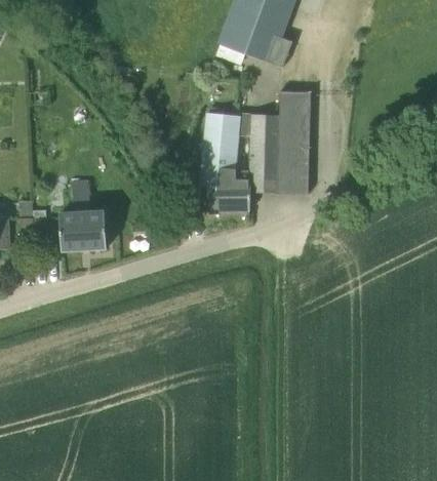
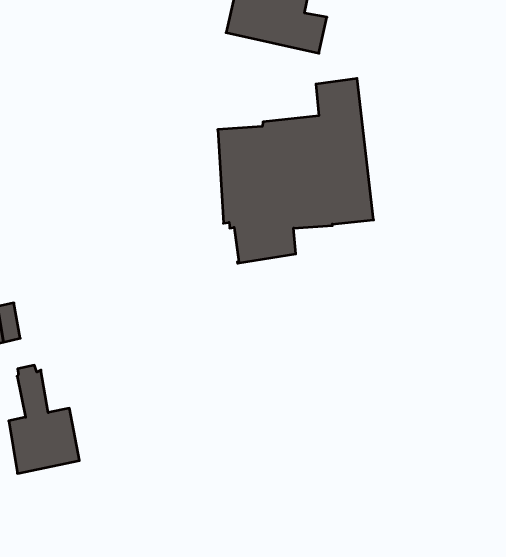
building: [61,175,107,250] -> [9,365,79,473]

